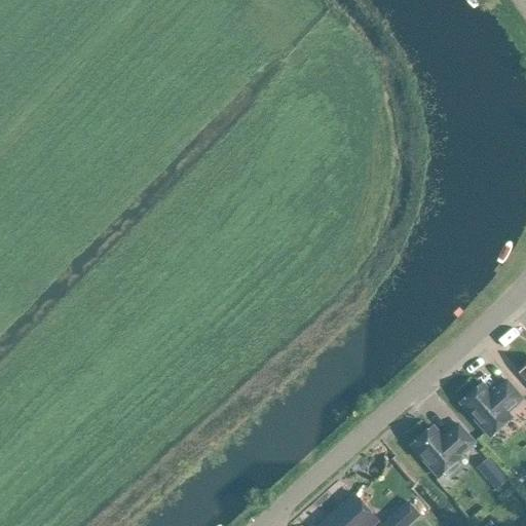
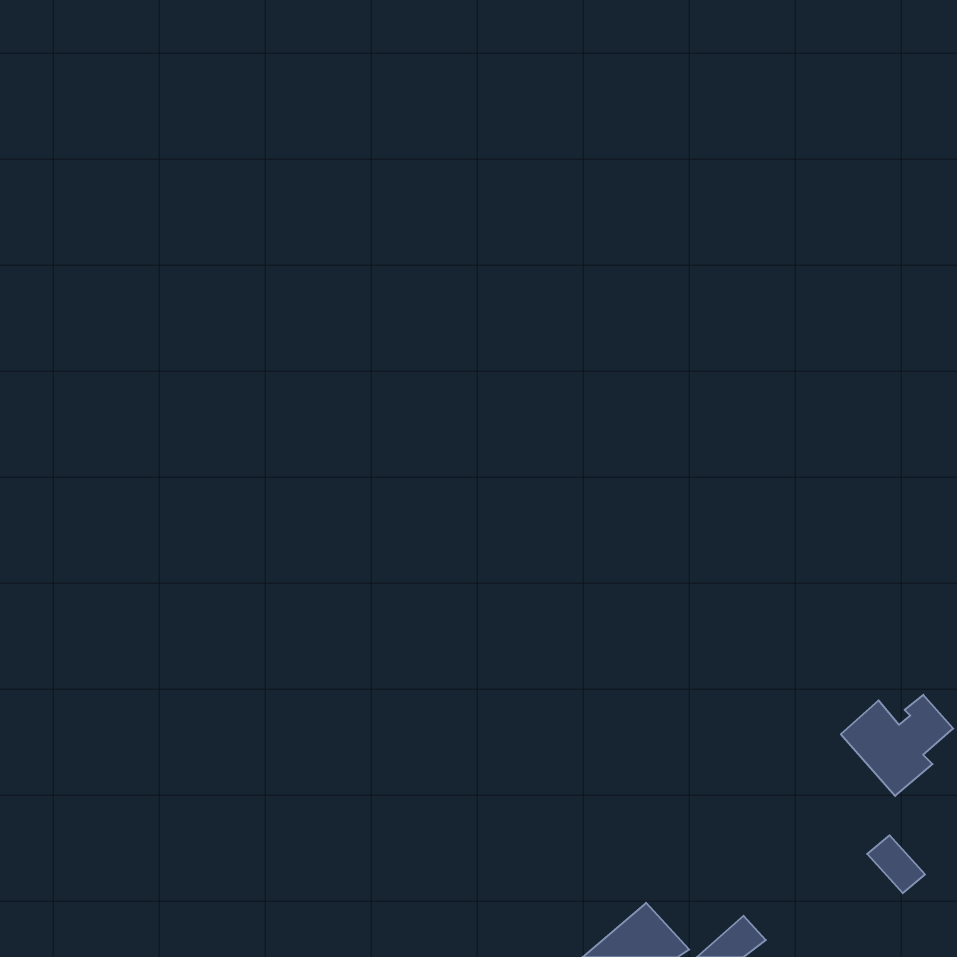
building: [412,424,475,478] -> none

